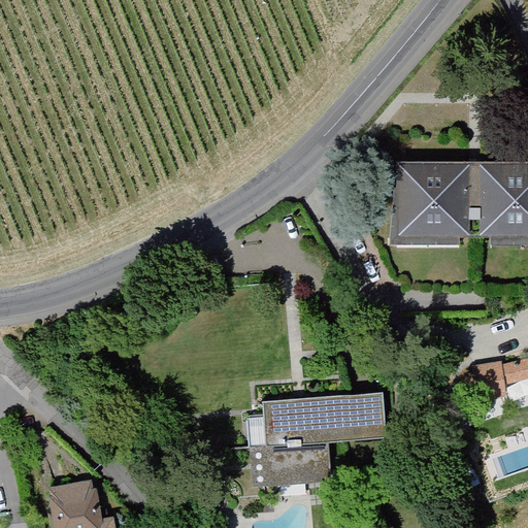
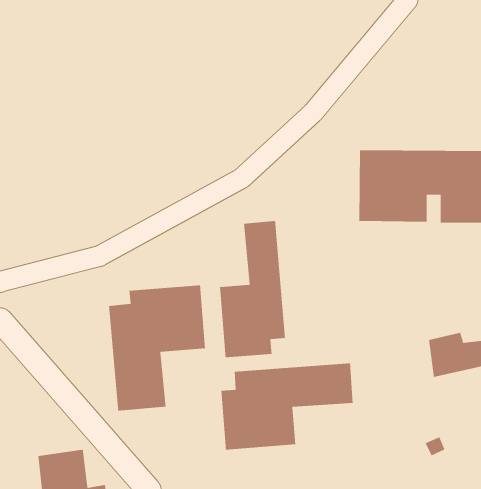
building: none -> [219,220,286,358]
building: none -> [108,284,206,411]

